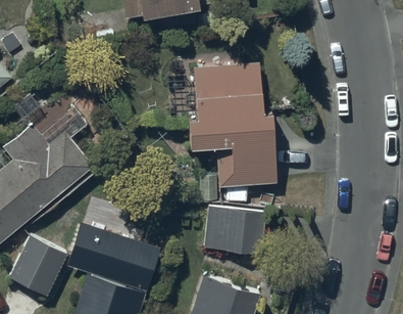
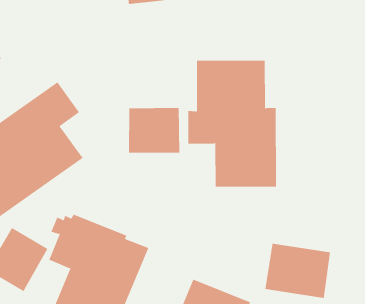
building: none -> [128,107,180,153]
building: [204,206,264,255] -> [264,243,331,299]

